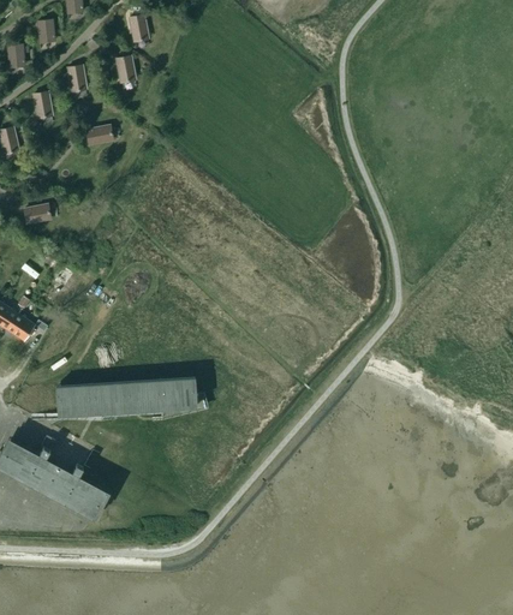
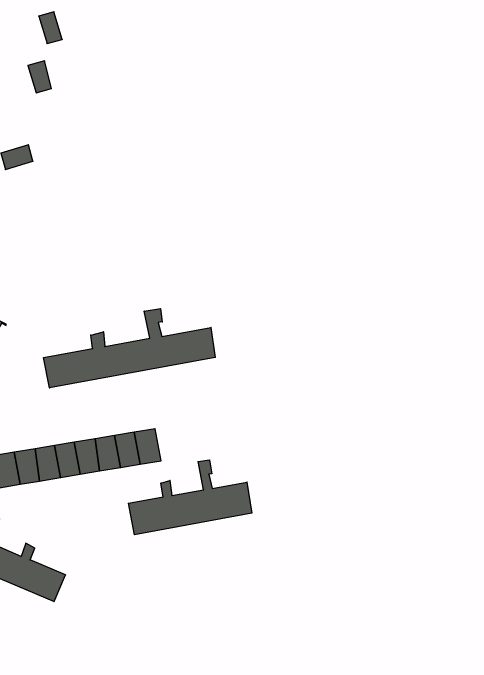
building: none -> [44,309,215,388]
building: none -> [128,460,252,535]

